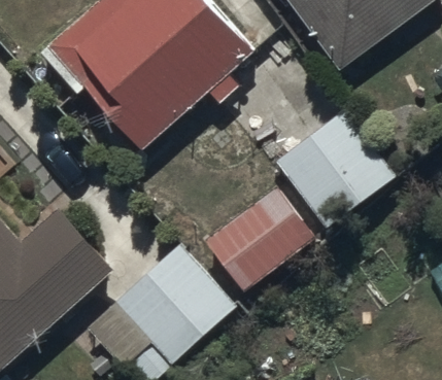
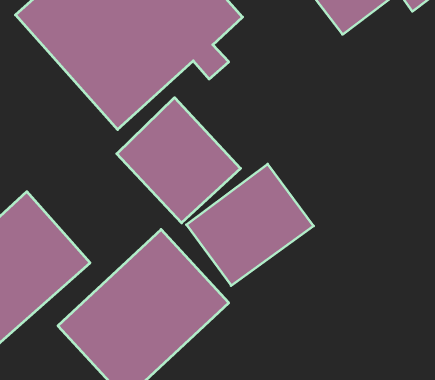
building: [273,107,396,231] -> none
building: none -> [117,98,241,223]

